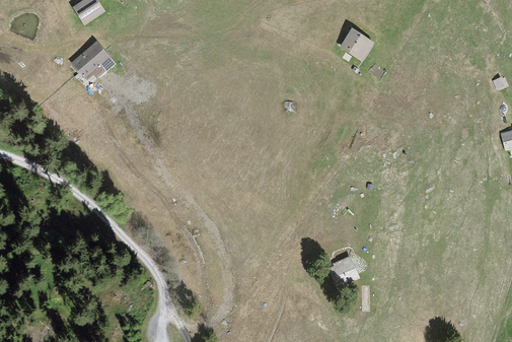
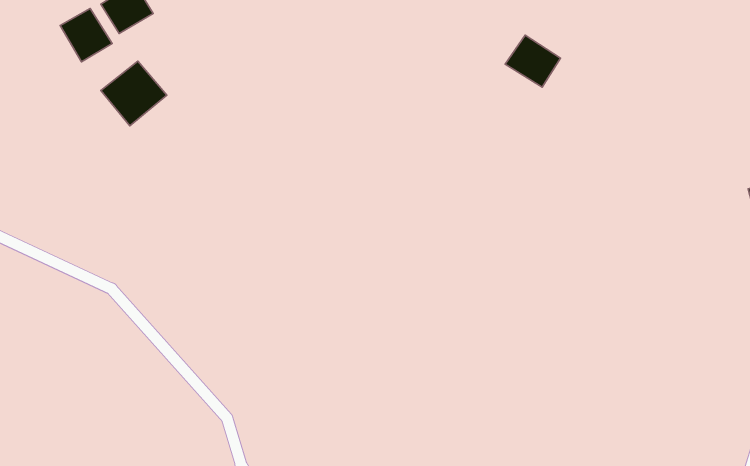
building: none -> [60,8,112,62]
building: [331,256,360,285] -> none

